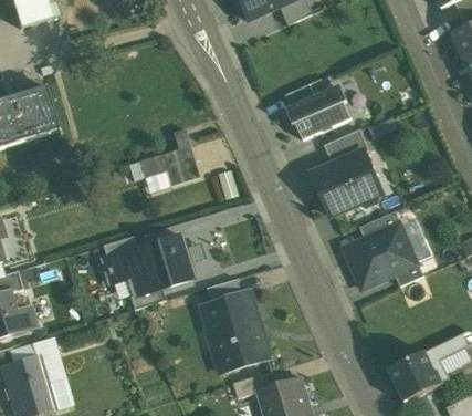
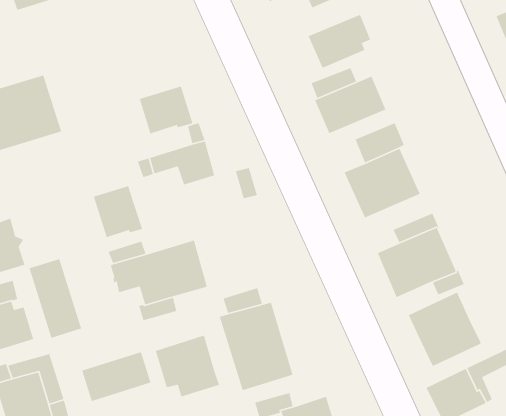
building: none -> [308,14,371,69]
building: none -> [139,86,193,134]
building: none -> [93,185,143,238]
building: none -> [28,258,82,339]
building: none -> [408,291,482,366]
building: none -> [155,334,220,398]
building: none -> [81,351,152,402]

